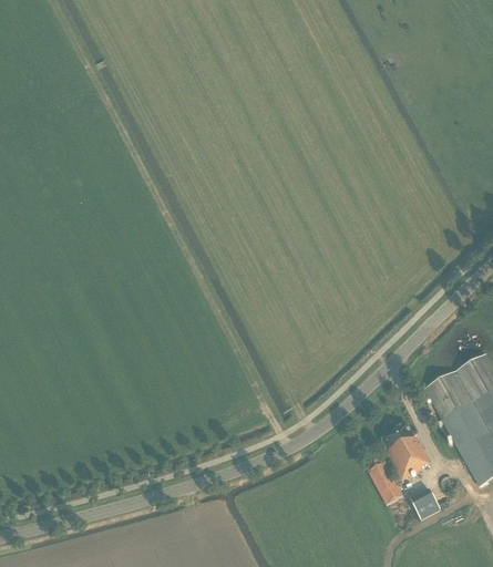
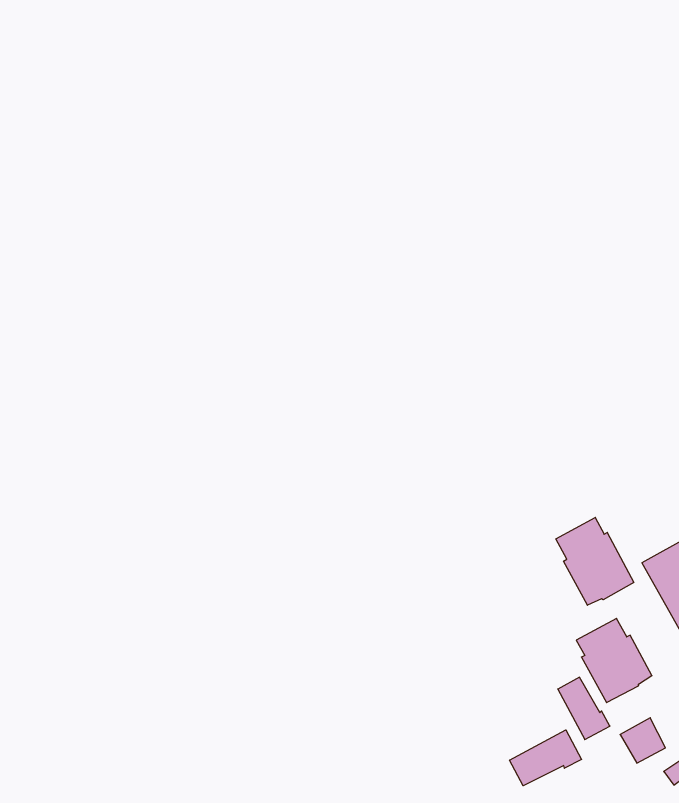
building: none -> [556,517,634,605]
building: none -> [510,730,582,786]

